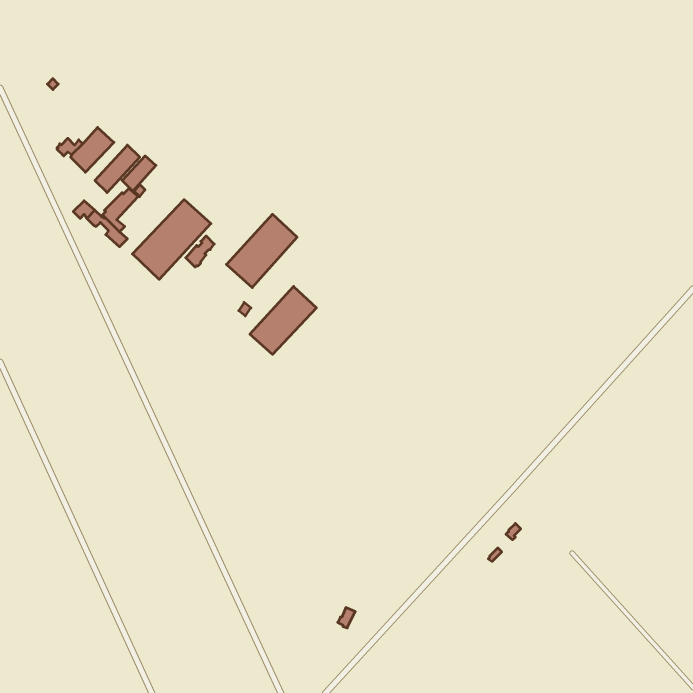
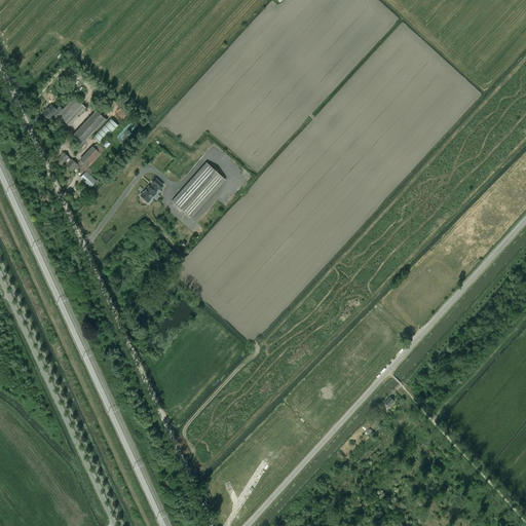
building: [132,200,211,279] -> none
building: [250,286,316,354] -> none

